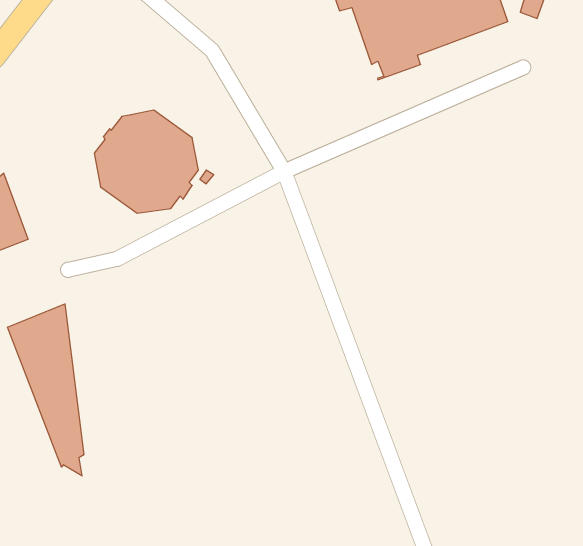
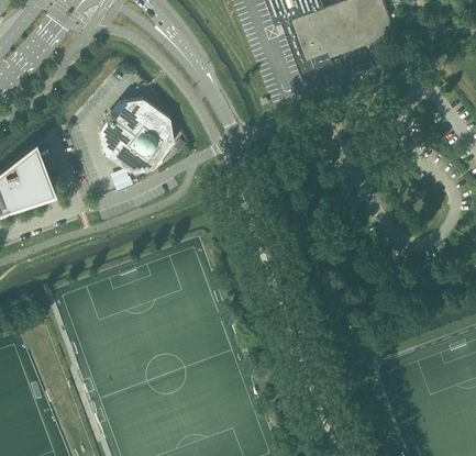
building: [7,304,84,476] -> none

